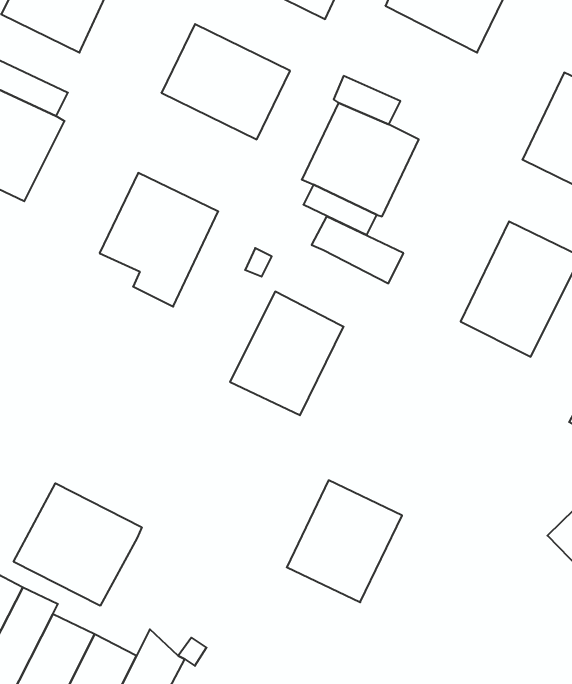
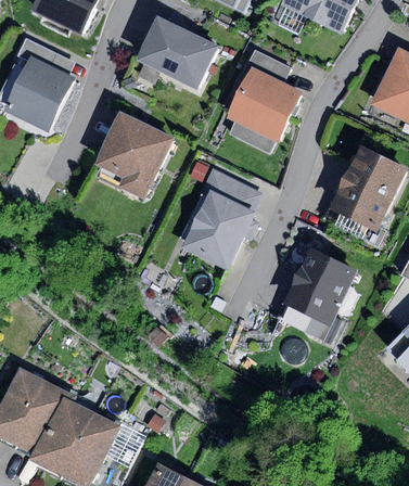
building: [312,217,403,283] -> [201,168,260,212]
building: [287,480,402,602] -> [282,246,357,325]
building: [14,483,142,606] -> none

